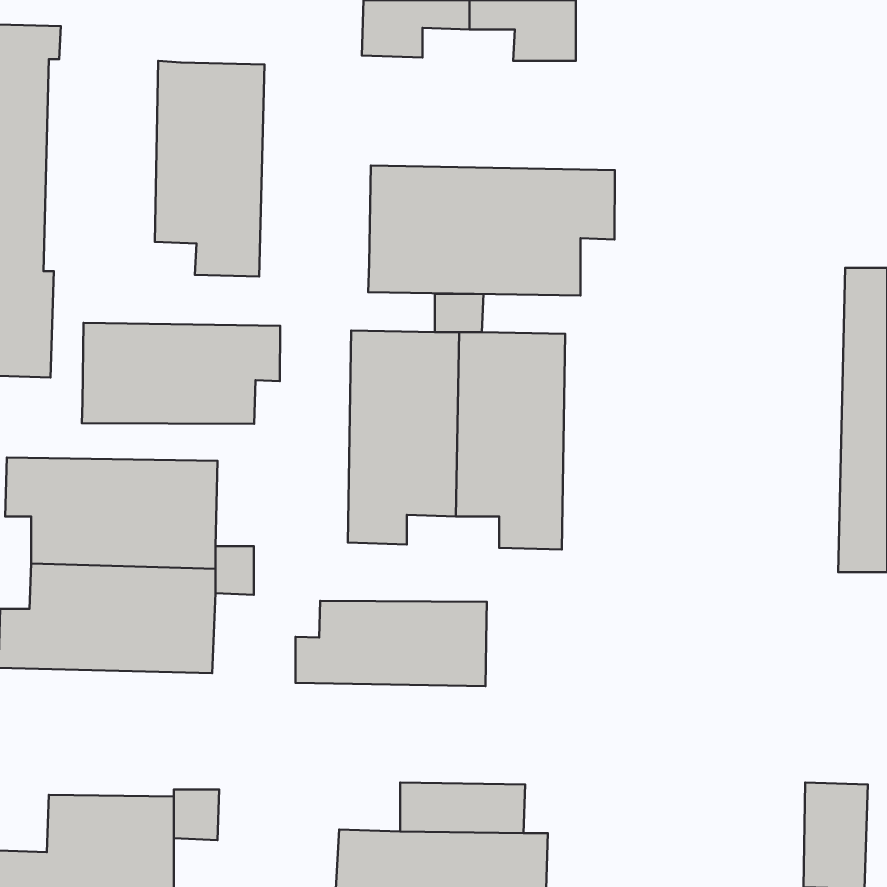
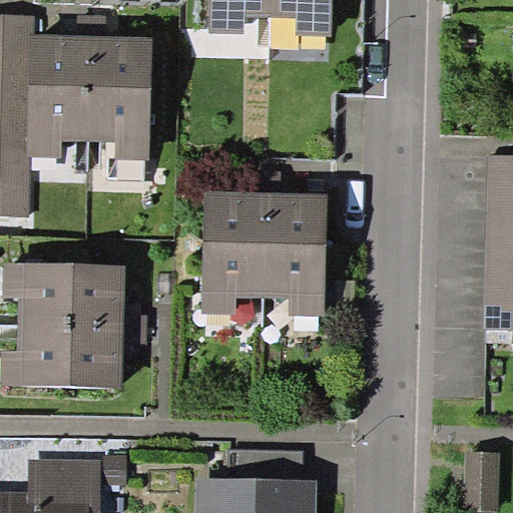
building: none -> [25,35,91,158]
building: [368,165,615,296] -> none
building: [82,323,280,424] -> none
building: [295,601,487,686] -> none

